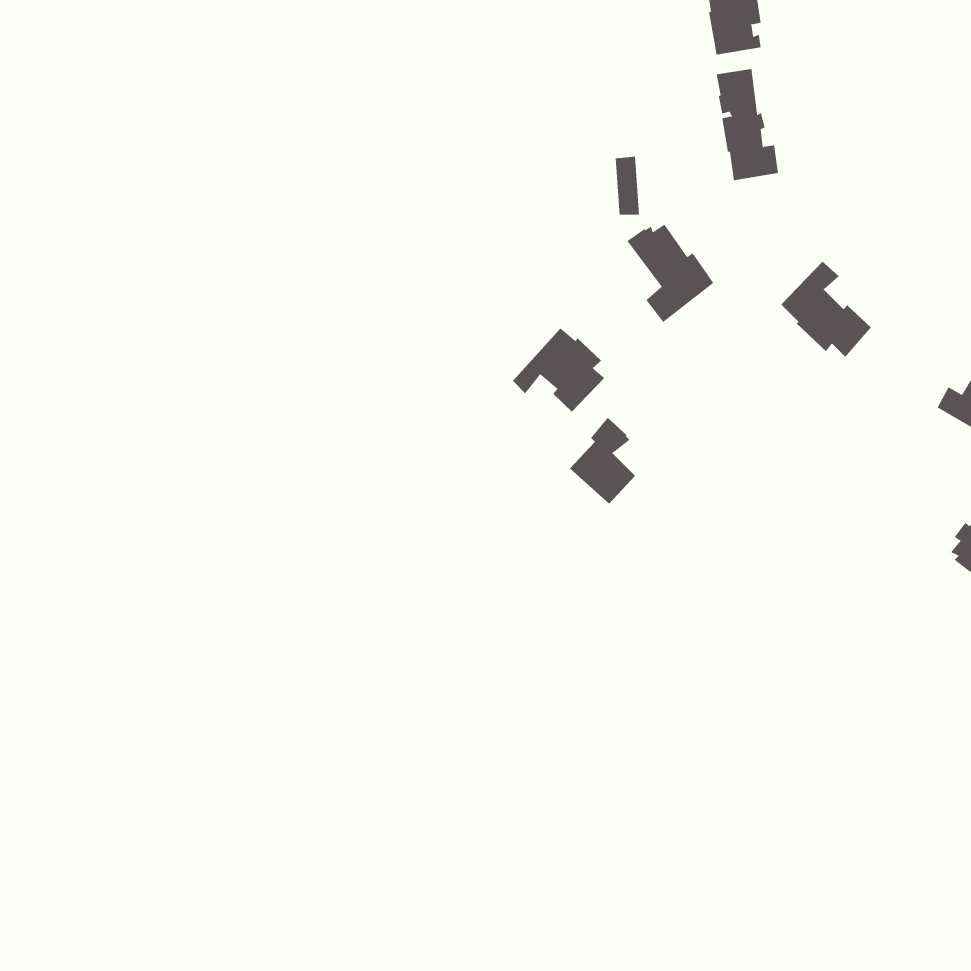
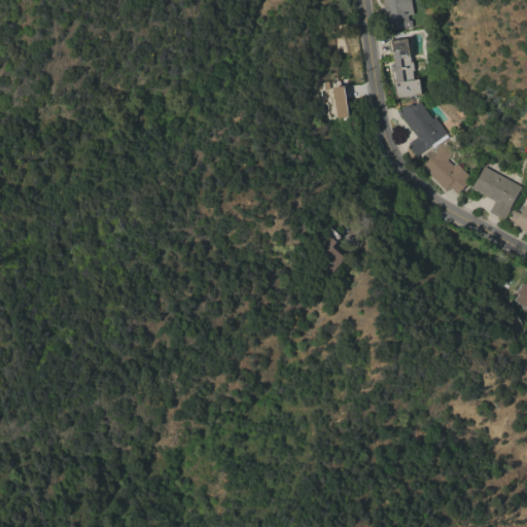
building: [627,224,714,323] -> [399,101,447,154]
building: none -> [472,166,522,218]
building: [512,328,605,413] -> none

